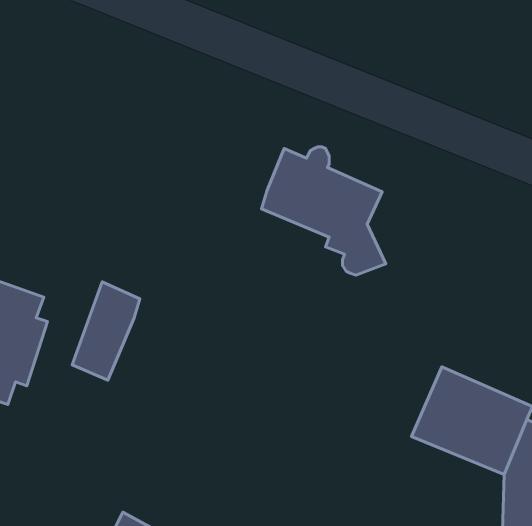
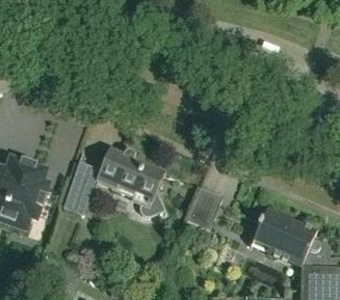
building: [261,147,386,275] -> [96,145,164,216]
building: none -> [184,184,221,226]

